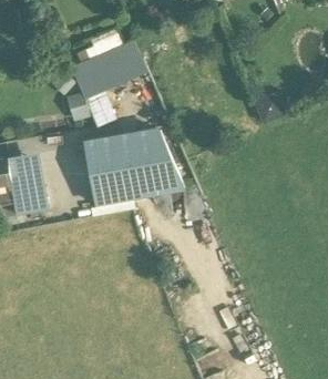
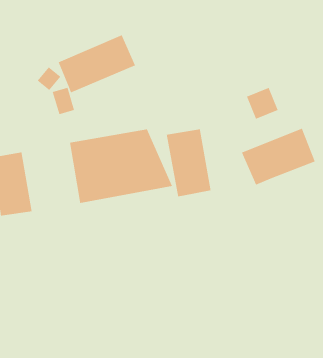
building: none -> [241,128,316,186]
building: none -> [166,128,211,197]

